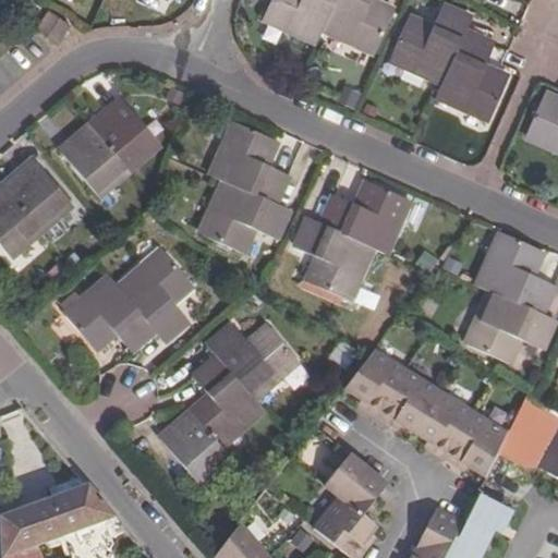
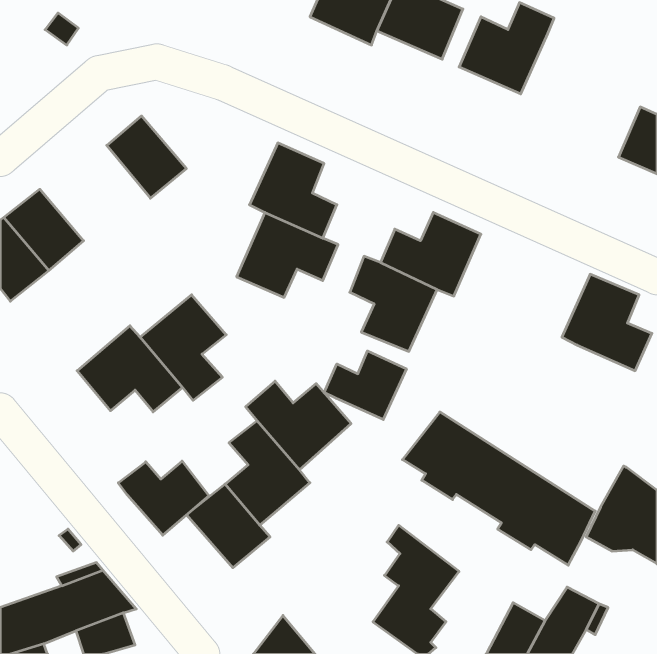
building: [436,28,507,116] -> none
building: [59,123,128,194] -> none
building: [466,292,551,362] -> none
building: none -> [324,351,406,420]
building: none -> [118,461,209,535]

